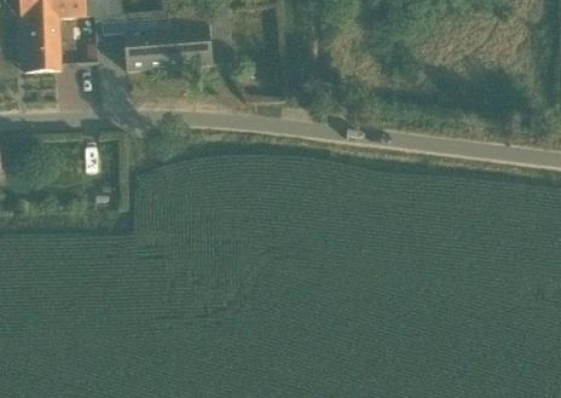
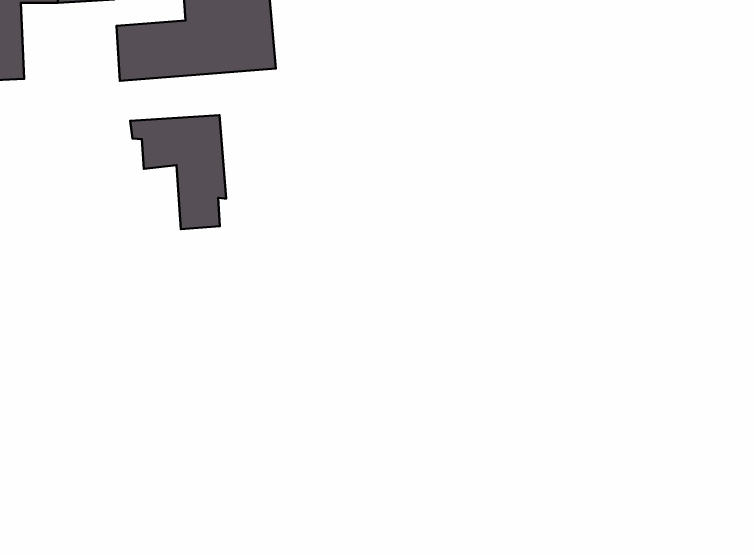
building: none -> [130,115,226,229]

